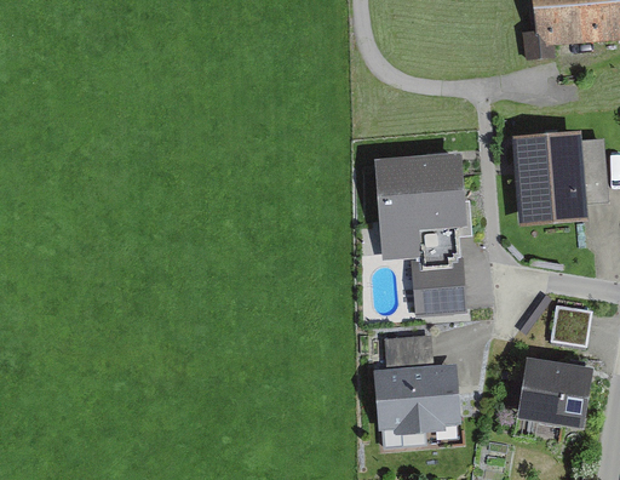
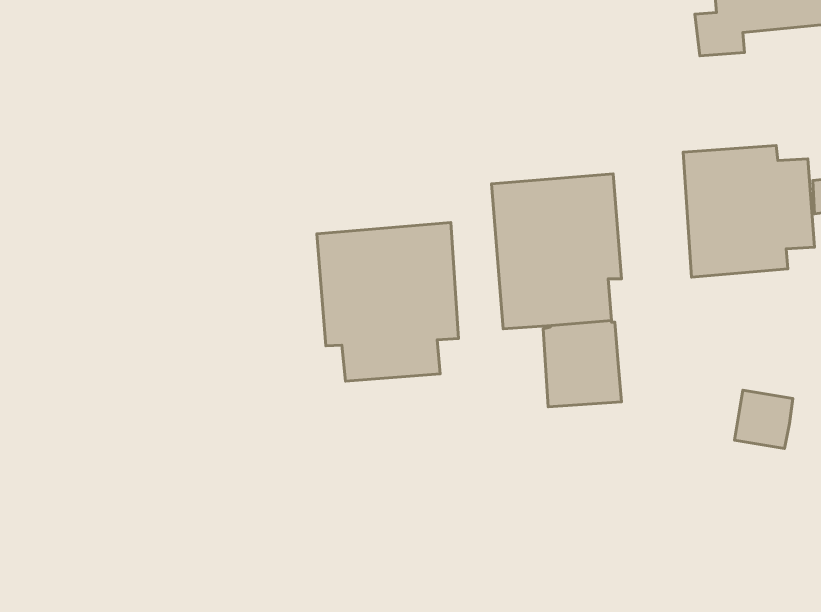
building: none -> [317,222,459,381]
building: [373,336,460,435] -> none
building: [516,354,592,427] -> none

